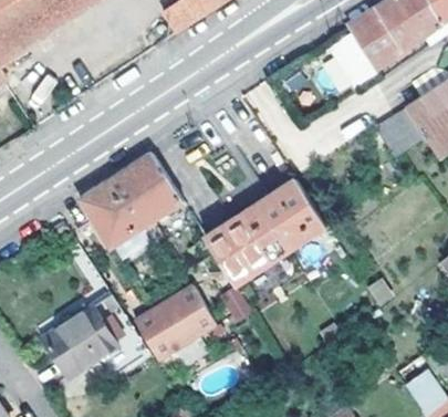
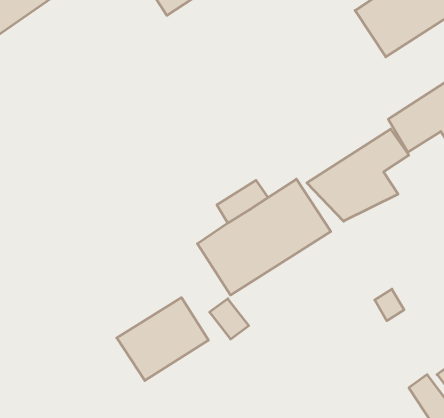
building: none -> [307,129,409,221]
building: [81,153,183,247] -> none
building: [37,284,145,377] -> none

